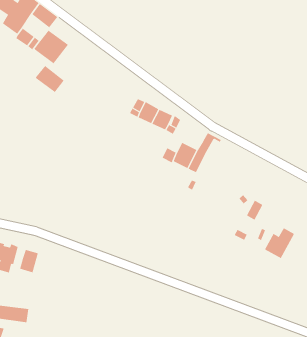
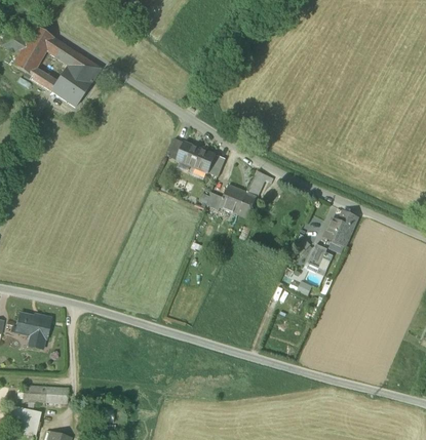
building: [35,65,65,93] -> [67,51,102,82]
building: [264,228,295,259] -> [324,209,358,245]
building: [19,249,39,273] -> none

